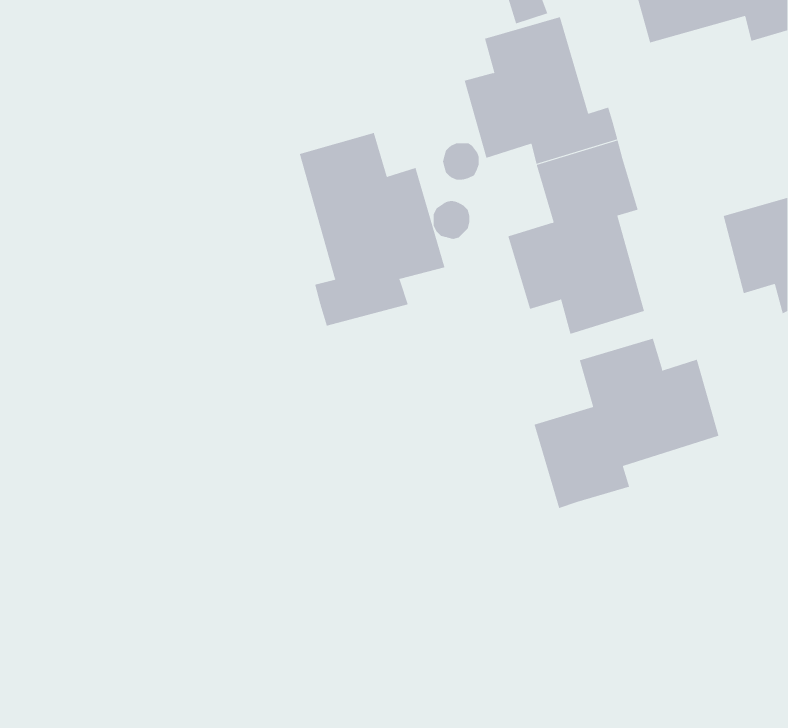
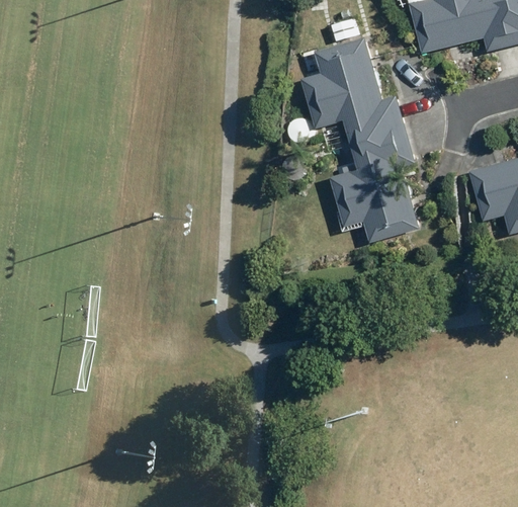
building: [299,132,445,327] -> none
building: [534,338,719,509] -> none

